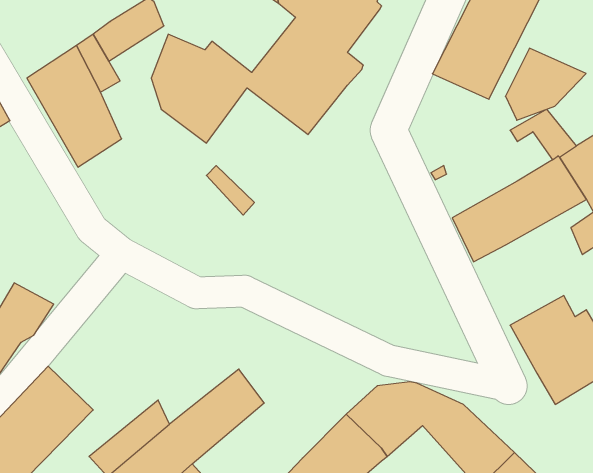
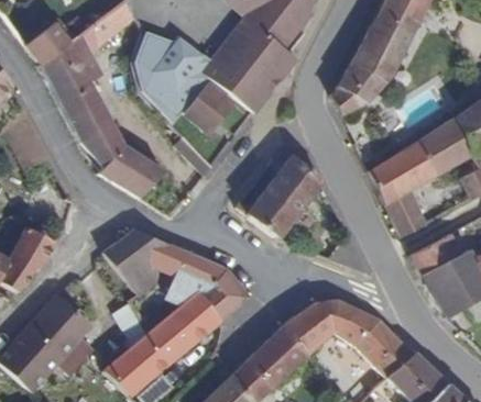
building: none -> [23,18,75,64]
building: [505,48,586,120] -> [334,60,396,116]
building: none -> [186,77,236,126]
building: none -> [76,111,160,200]
building: none -> [237,157,326,239]
building: none -> [384,193,427,237]
building: none -> [100,227,251,320]

